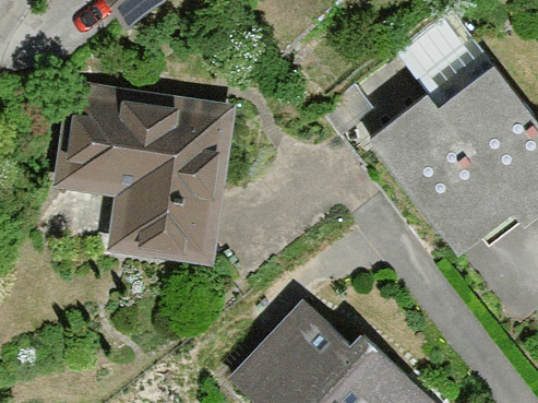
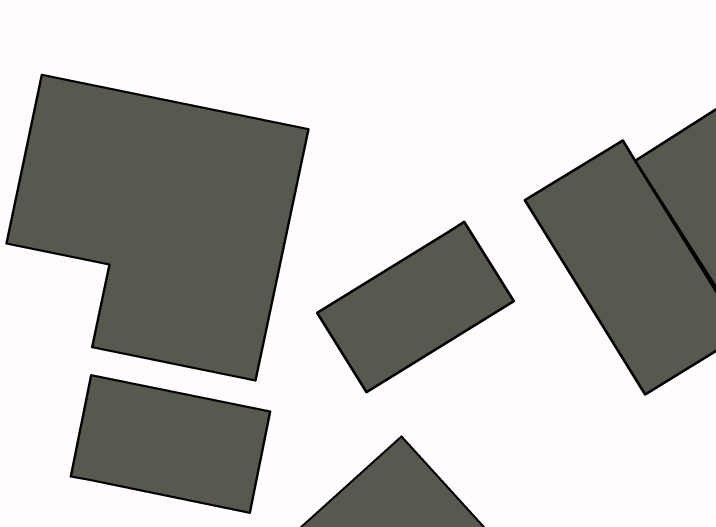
building: none -> [317,222,514,392]
building: none -> [71,375,270,513]

